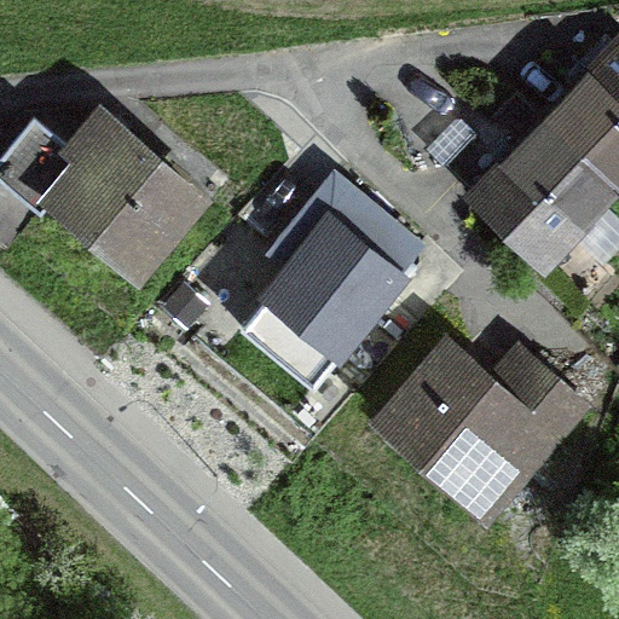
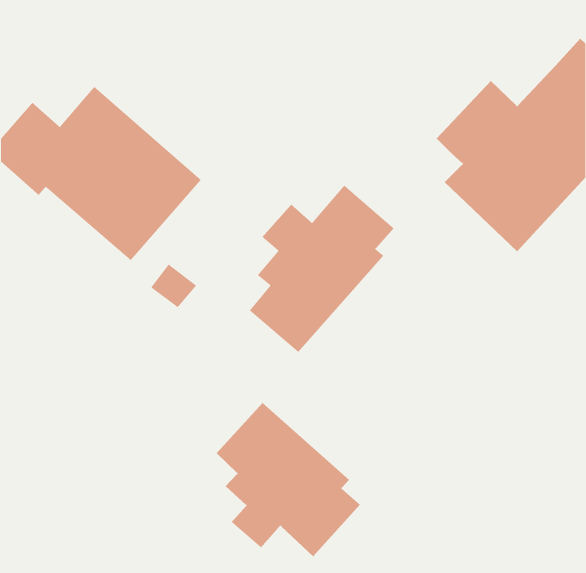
building: [368,334,594,528] -> none
building: none -> [216,402,361,557]

